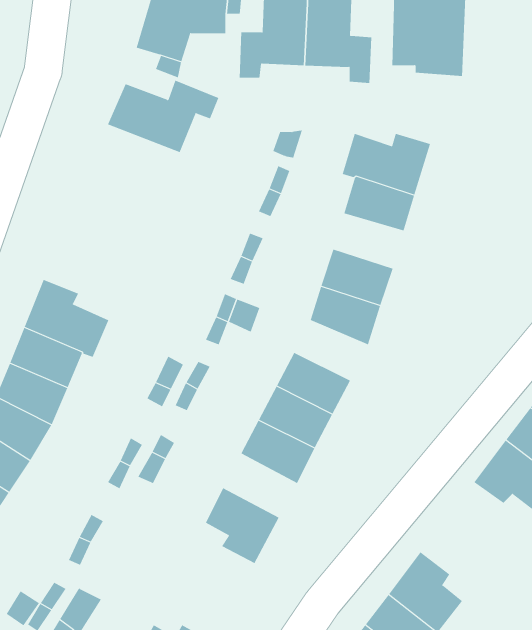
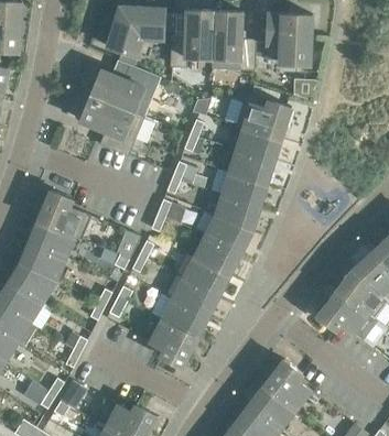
building: none -> [79,95,143,154]
building: none -> [229,150,273,184]
building: none -> [205,216,251,253]
building: none -> [161,298,207,338]

